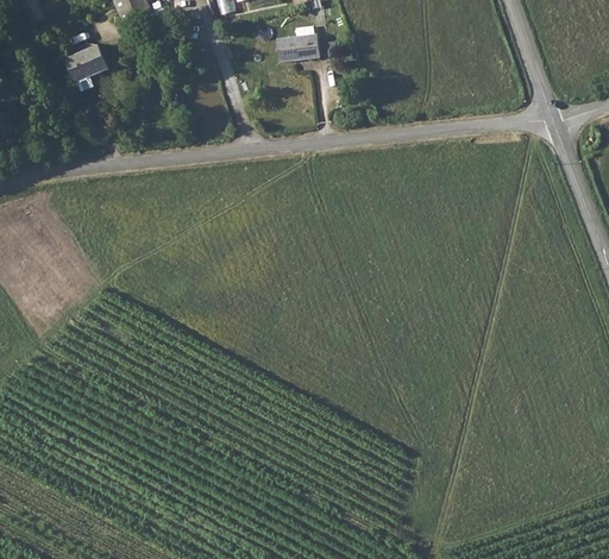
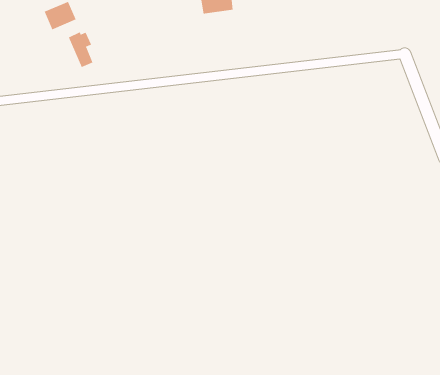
building: none -> [68,32,93,68]

